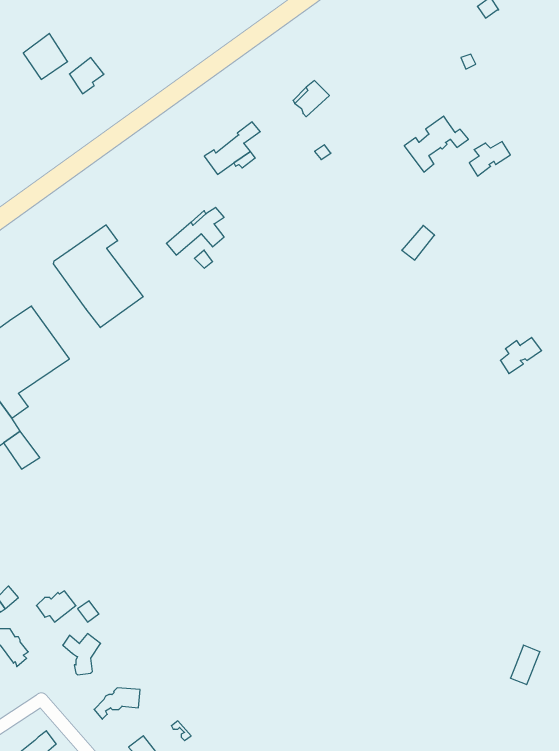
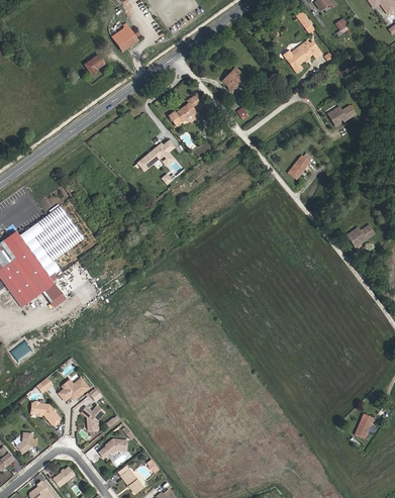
building: [23,33,68,79] -> [111,22,138,51]
building: [404,116,468,172] -> [283,38,322,73]
building: [54,225,143,328] -> none

